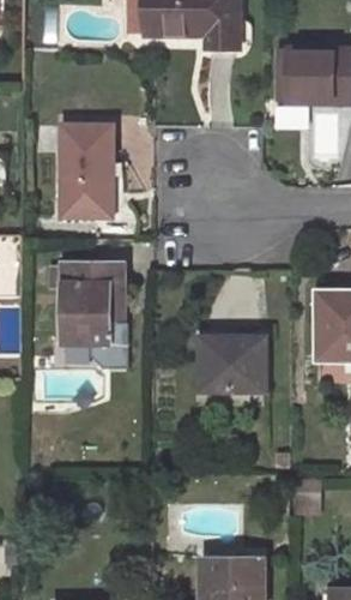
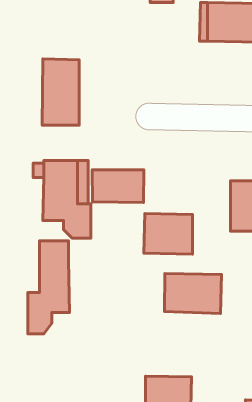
building: none -> [92,170,144,203]
building: none -> [28,241,69,334]
building: none -> [164,273,222,314]

